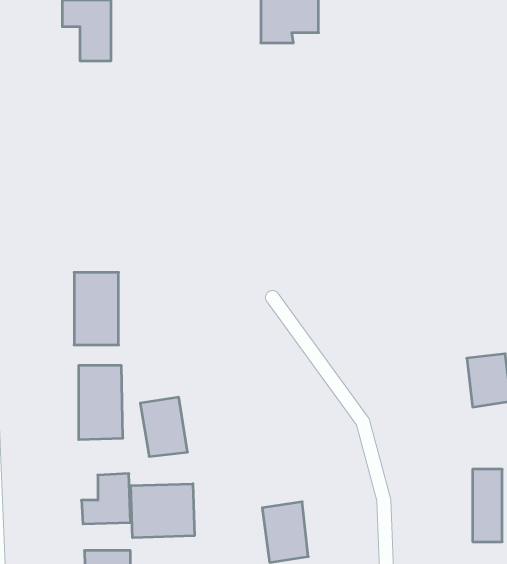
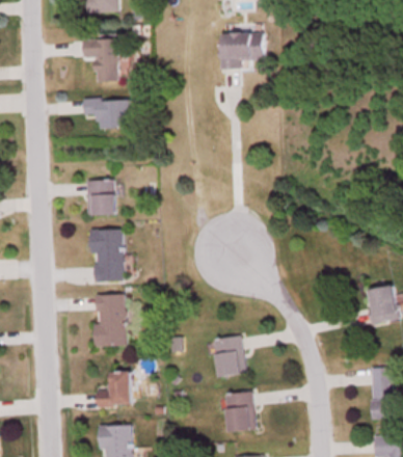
building: none -> [83,98,129,128]
building: none -> [87,180,115,215]
building: [140,397,188,456] -> [212,335,245,377]
building: [131,484,194,538] -> none

